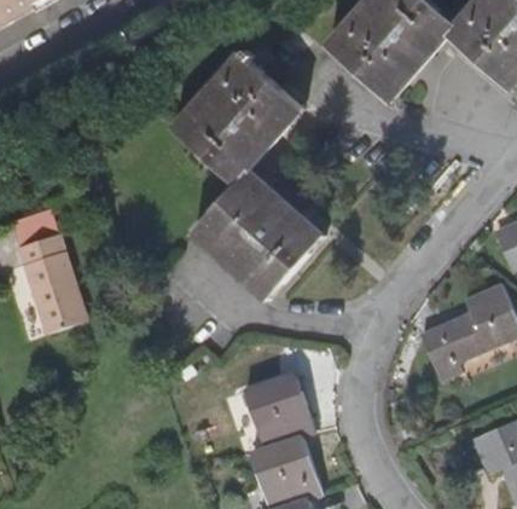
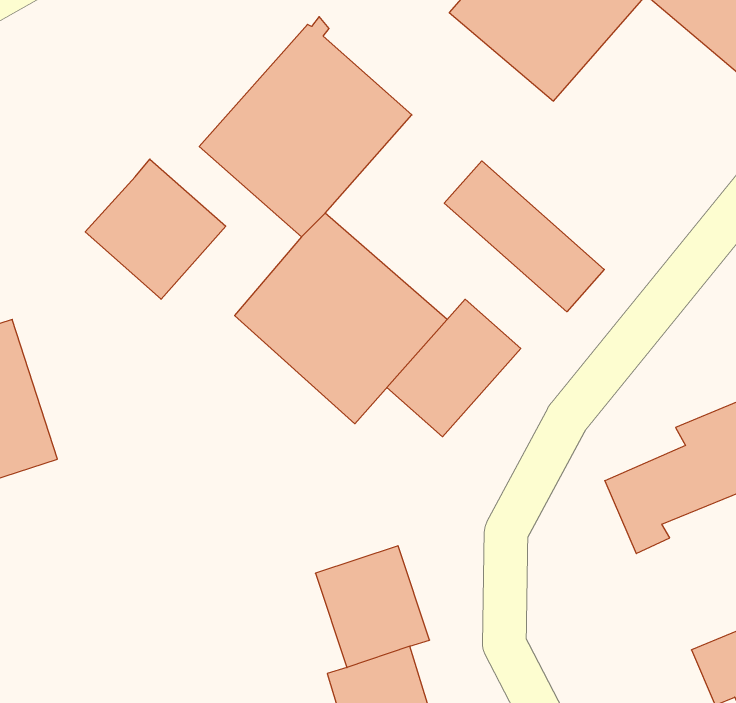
building: none -> [85,159,226,299]
building: none -> [444,161,604,312]
building: none -> [387,299,521,437]

